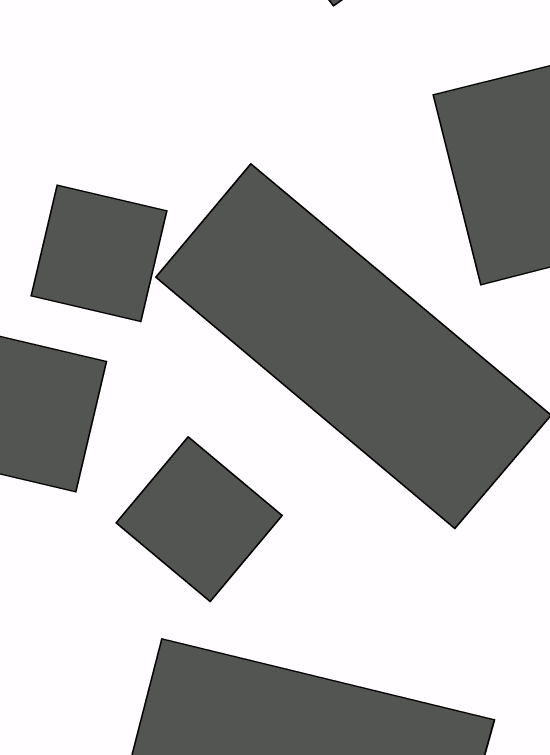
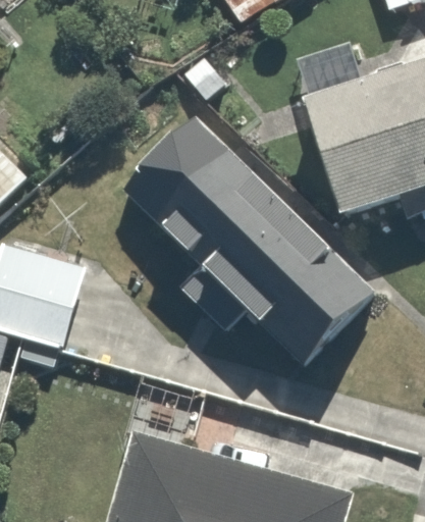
building: [31,185,167,322] -> none
building: [116,437,282,602] -> none

